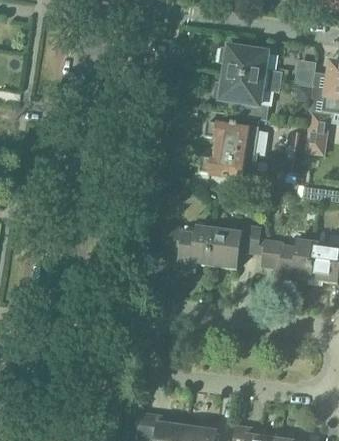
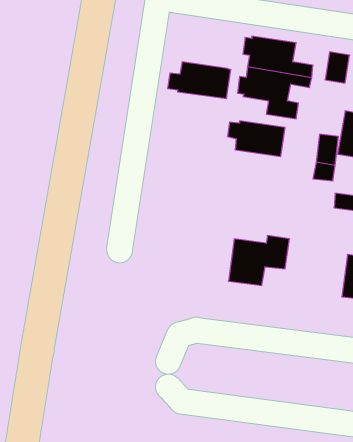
building: [200,146,257,179] -> [168,62,231,99]
building: [161,224,212,271] -> none
building: [262,238,314,285] -> none

